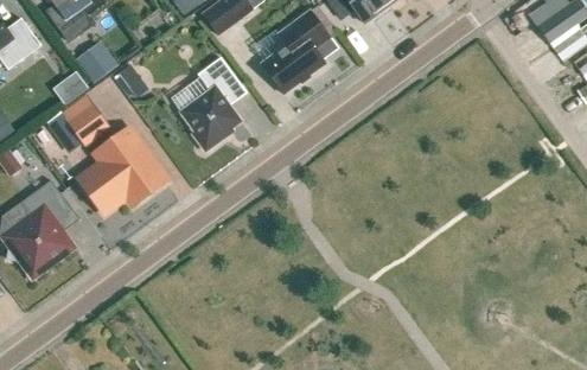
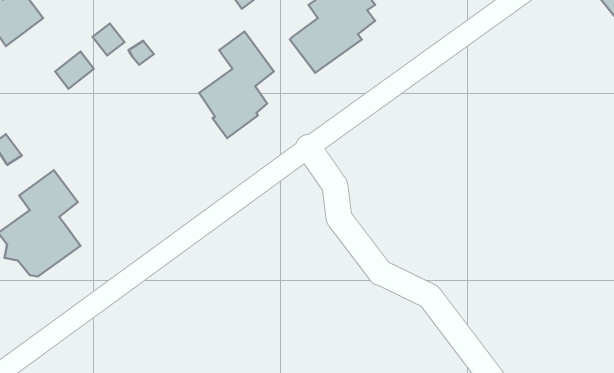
building: [62,95,108,143] -> none
building: [79,128,166,211] -> none

